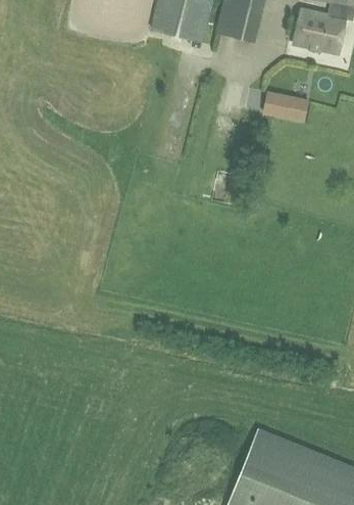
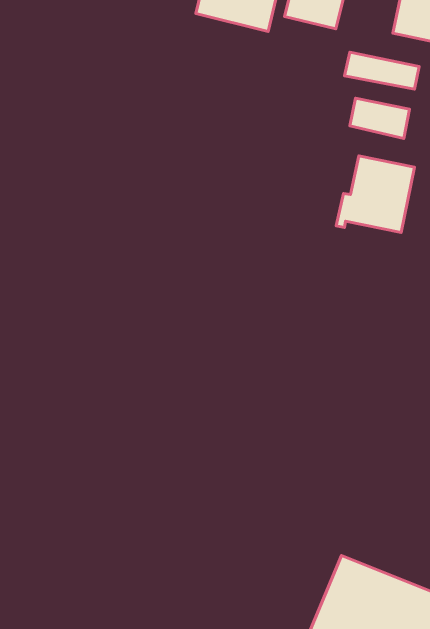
building: none -> [344,52,419,89]
building: none -> [336,156,415,233]

